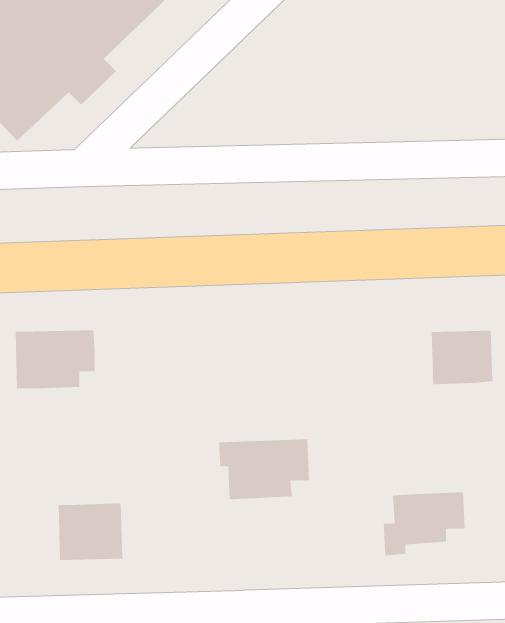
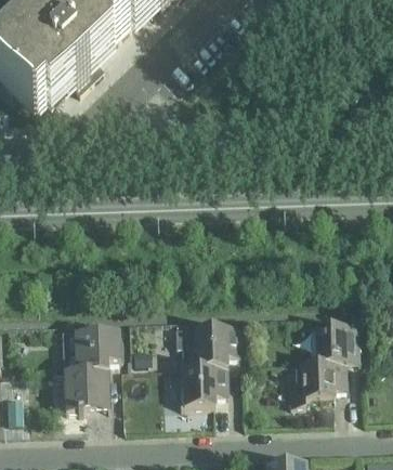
building: [15,330,96,389] -> [63,329,119,370]
building: [431,330,493,385] -> [316,325,359,363]
building: none -> [183,365,228,405]

